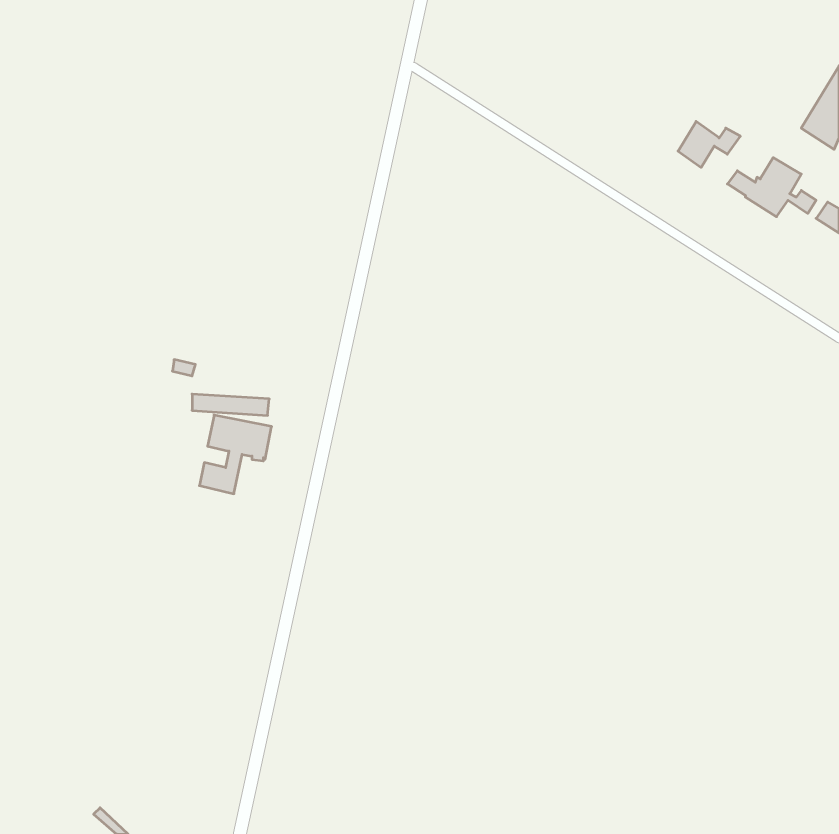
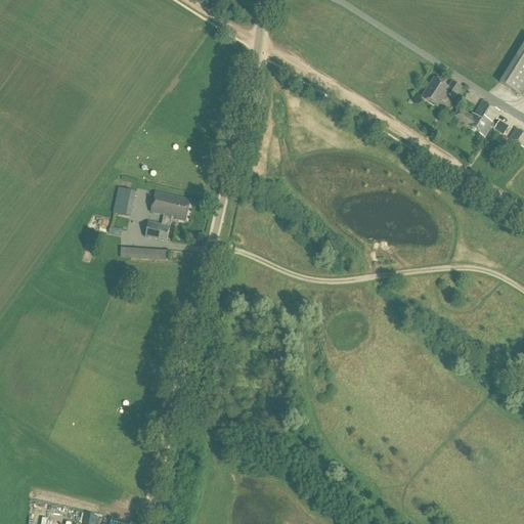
building: none -> [112,185,135,215]
building: [199,415,272,494] -> [145,190,190,239]

